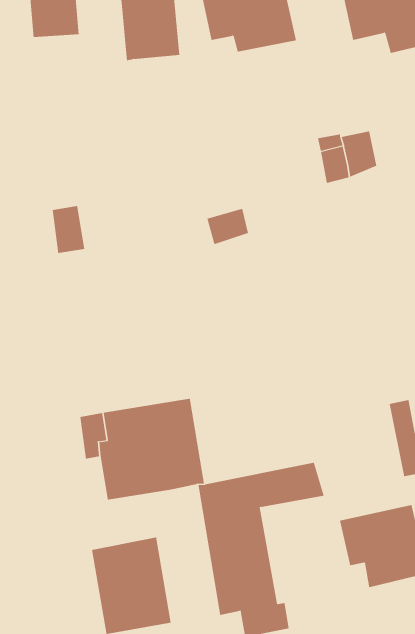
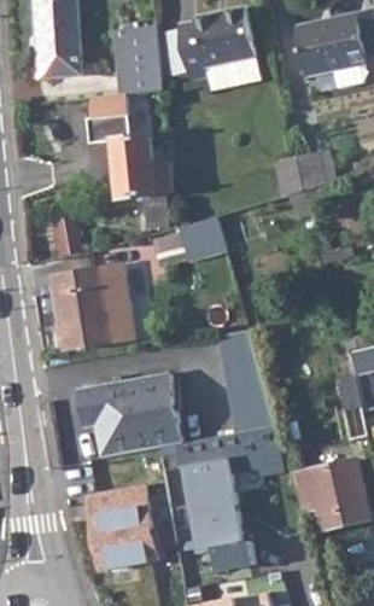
building: none -> [87,93,174,228]
building: none -> [53,267,134,348]

